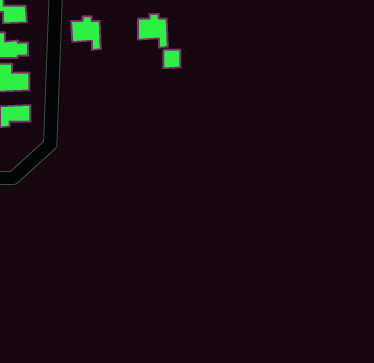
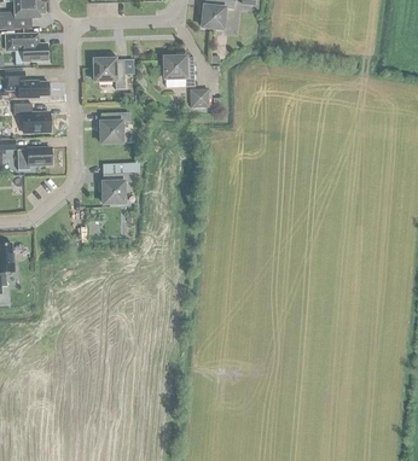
building: none -> [95,112,129,142]
building: none -> [98,173,132,203]

